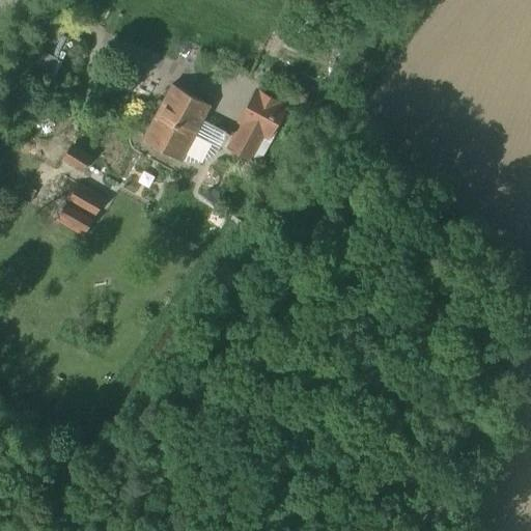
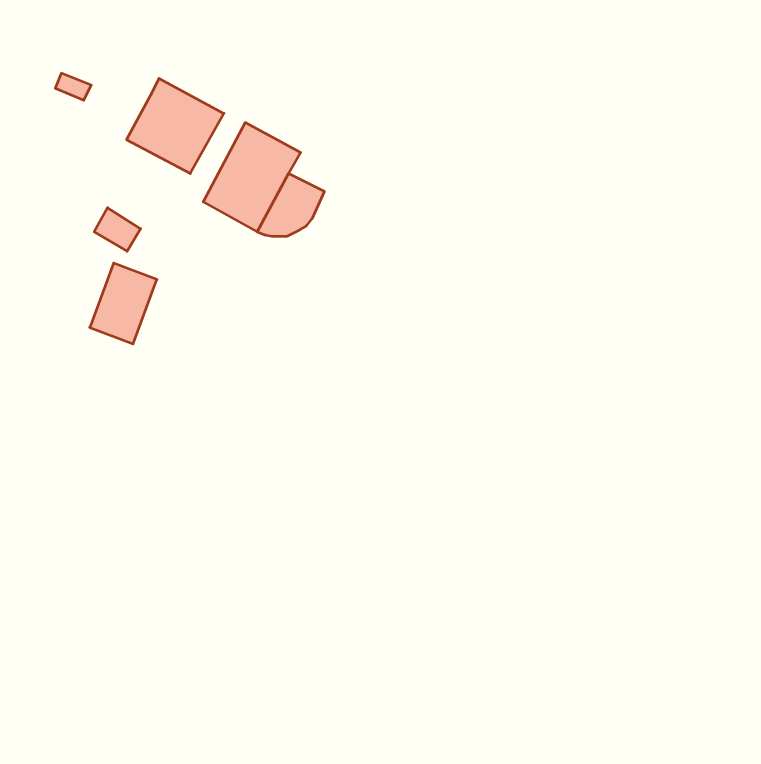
building: none -> [127,78,224,174]
building: [227,90,281,163] -> none

